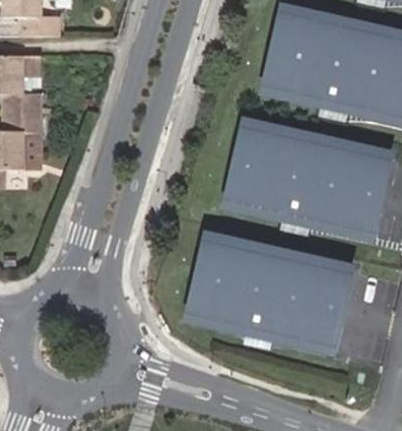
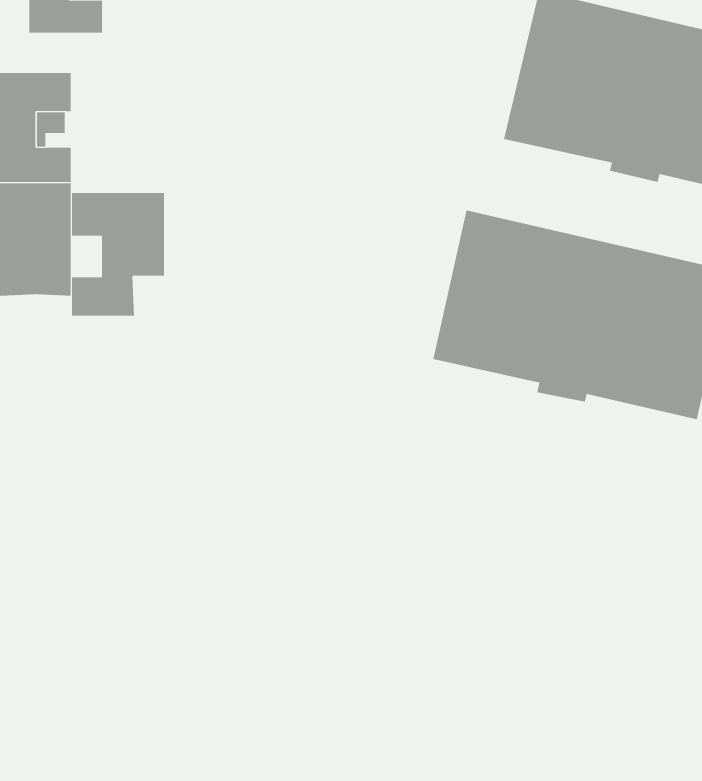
building: none -> [72,192,164,317]
building: [190,239,345,348] -> none

